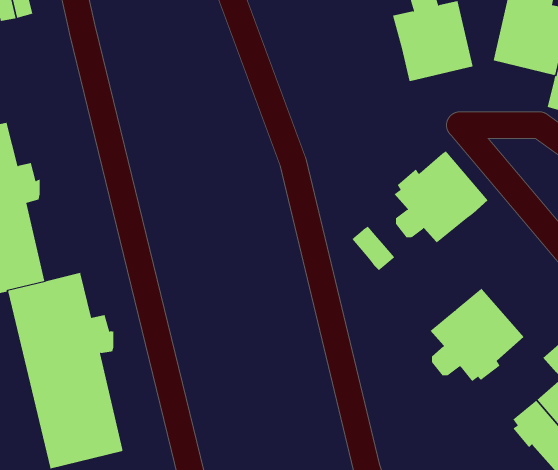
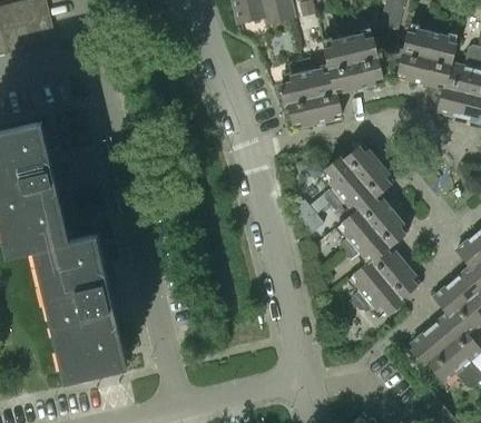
building: none -> [278,58,341,128]
building: none -> [338,194,408,262]

